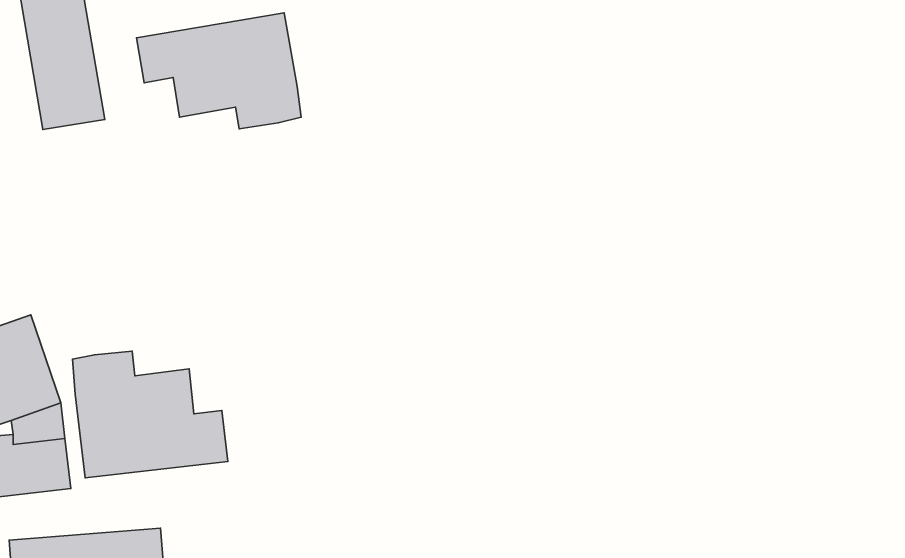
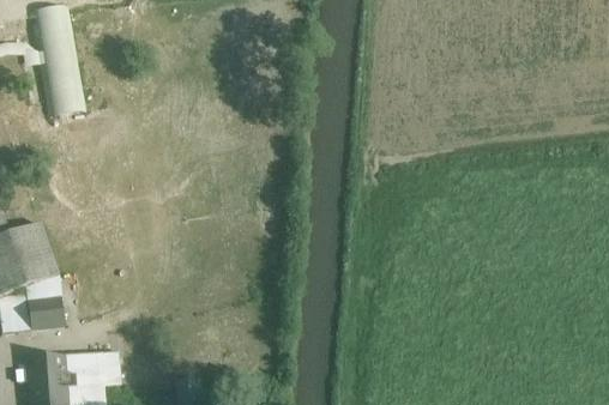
building: [136,13,301,129] -> none
building: [72,351,228,478] -> none

